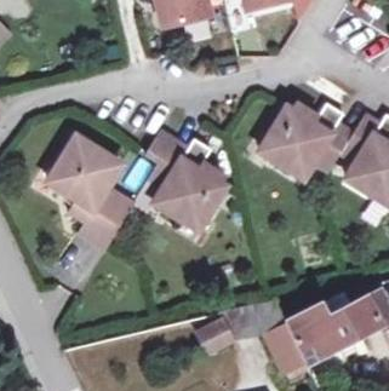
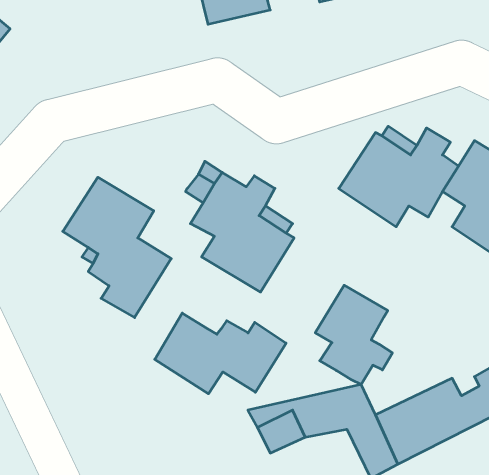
building: none -> [315,285,392,385]
building: none -> [155,313,286,394]

